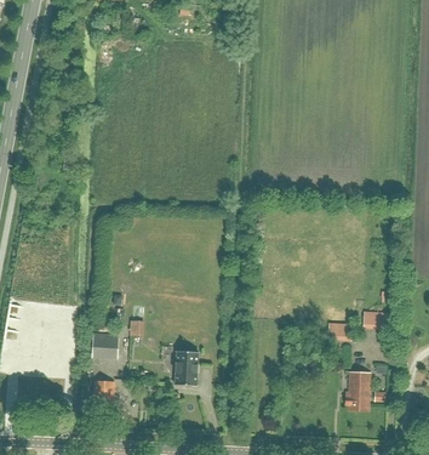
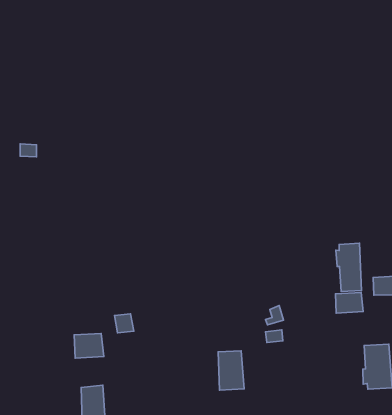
building: none -> [336,243,361,292]
building: [175,349,198,385] -> [218,351,244,390]

